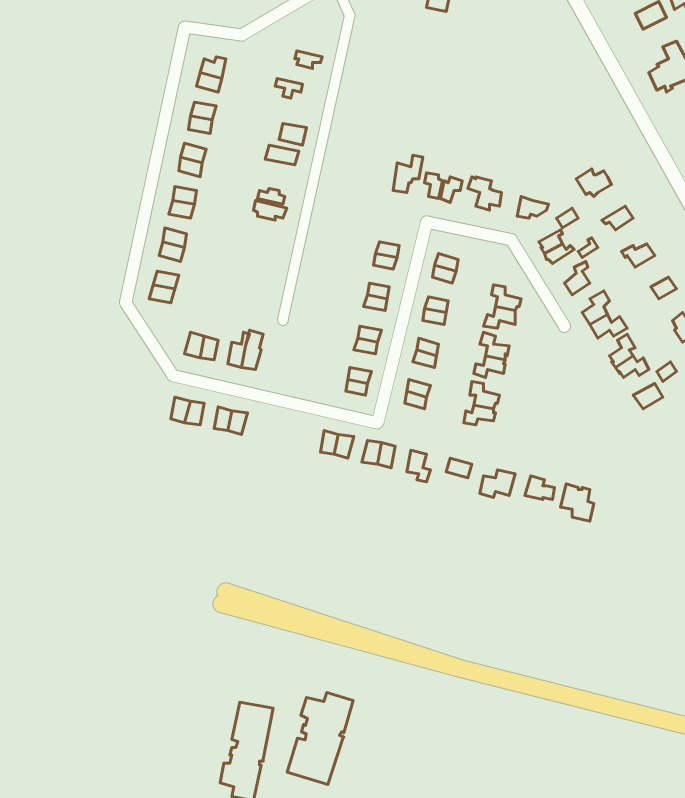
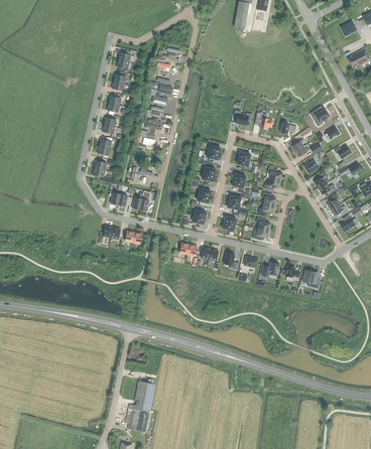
building: [287,693,353,785] -> none

